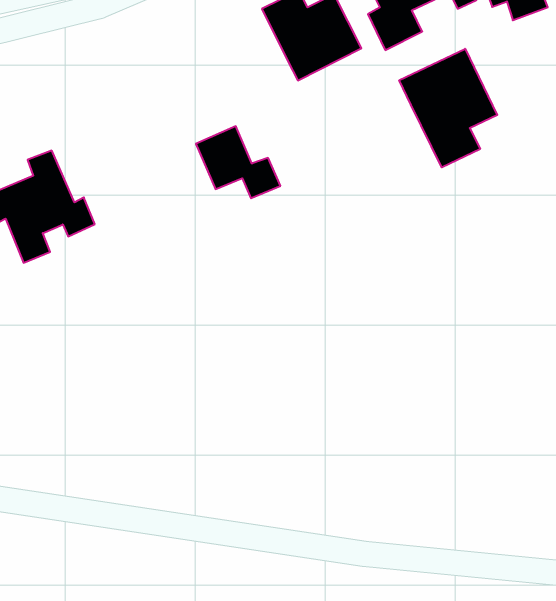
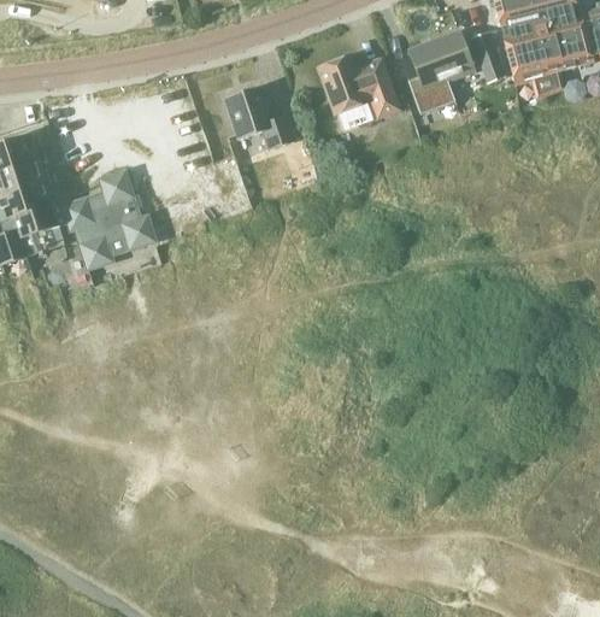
building: [399,49,497,167] -> none
building: [196,126,280,198] -> [225,83,295,147]

